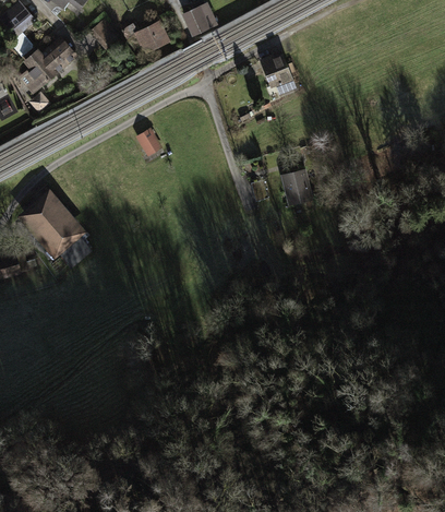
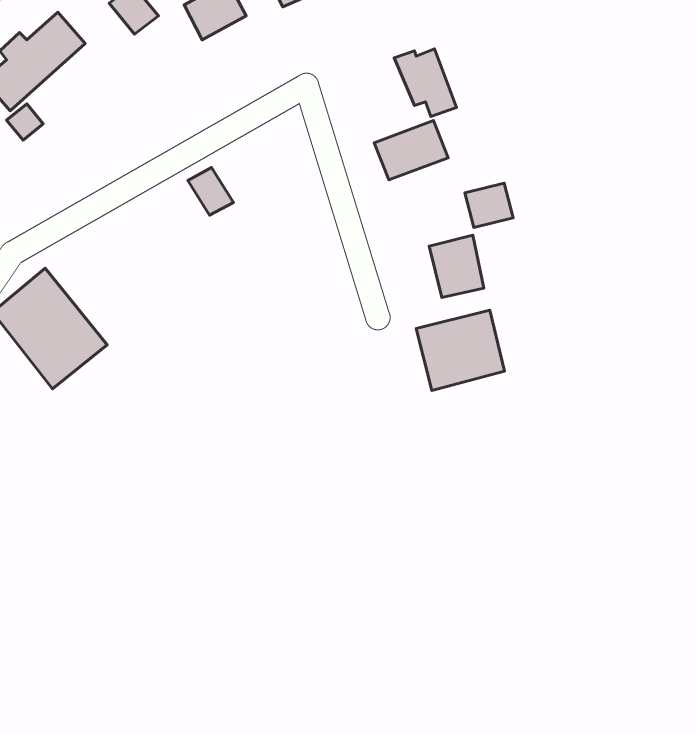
building: none -> [374,121,448,180]
building: none -> [465,183,513,228]
building: none -> [416,310,505,391]

